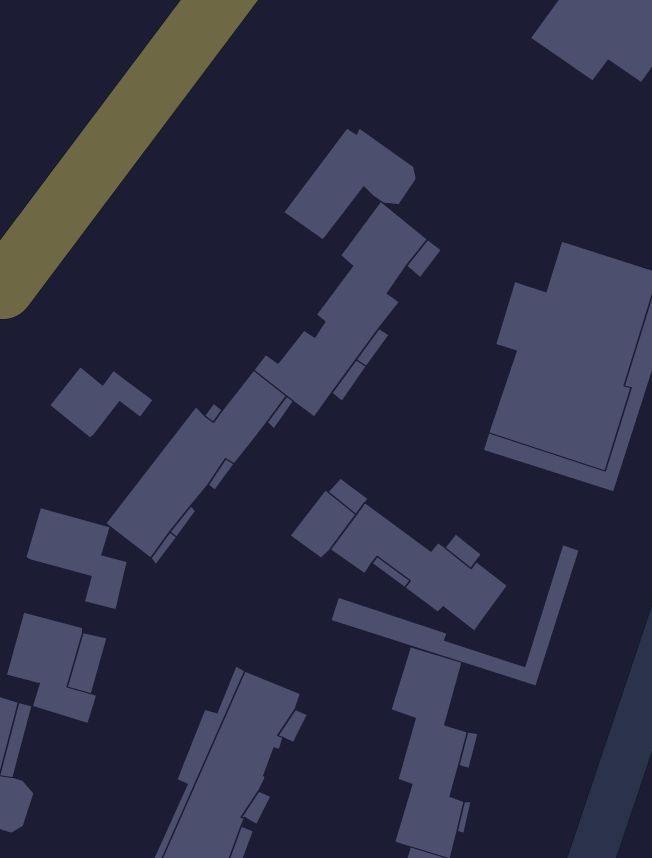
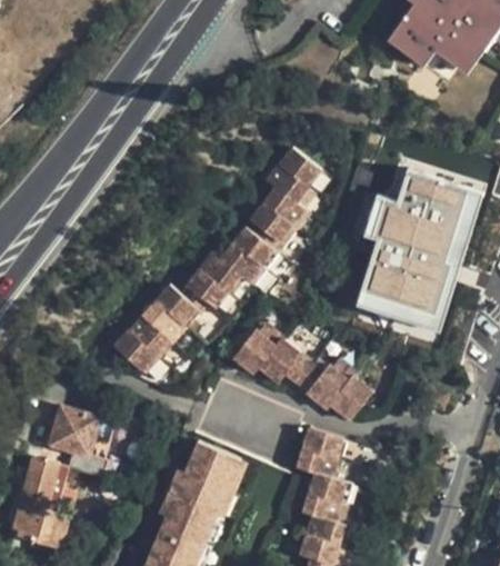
building: [284,128,416,240] -> none
building: [50,366,153,438] -> none
building: [26,508,127,610] -> none
building: [331,545,579,686] -> none

